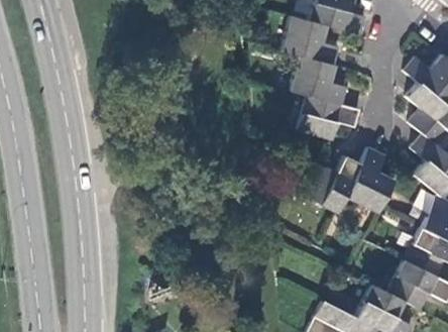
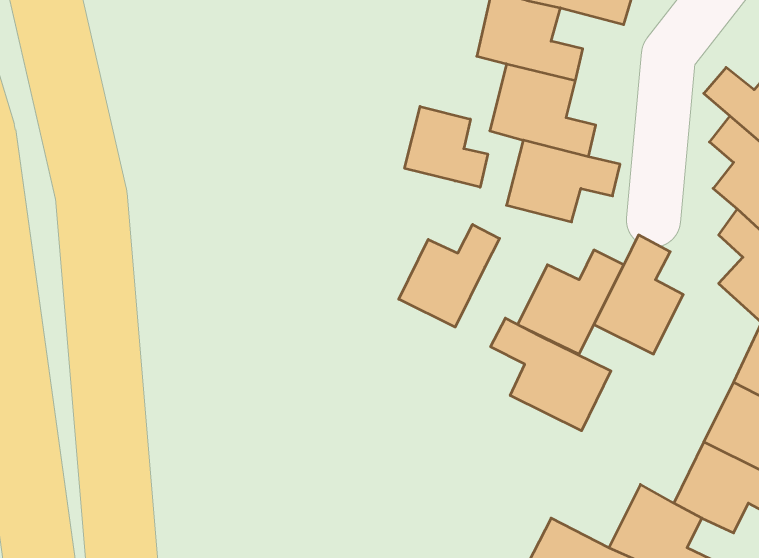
building: none -> [405,106,488,187]
building: none -> [399,224,500,327]
building: none -> [491,318,611,431]

